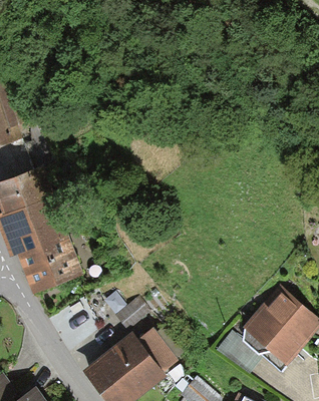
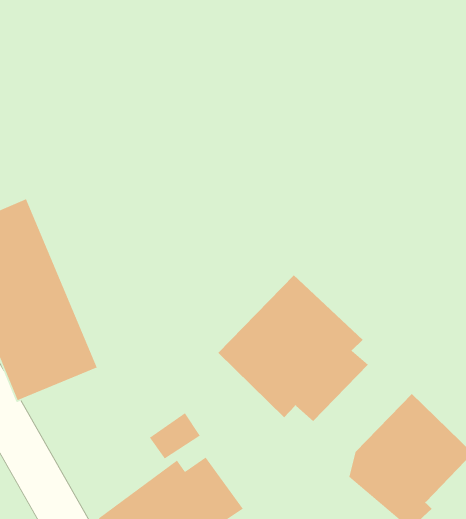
building: none -> [218,275,369,422]

